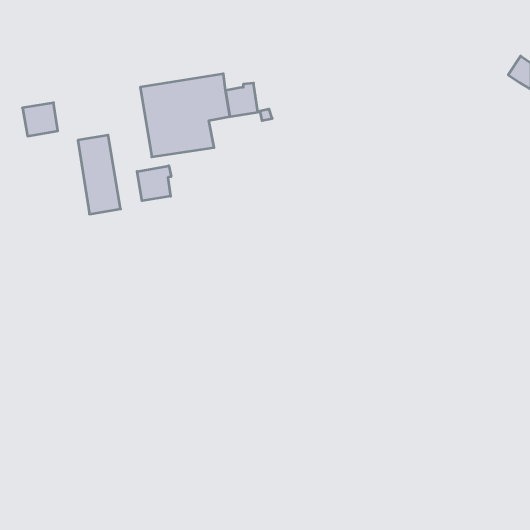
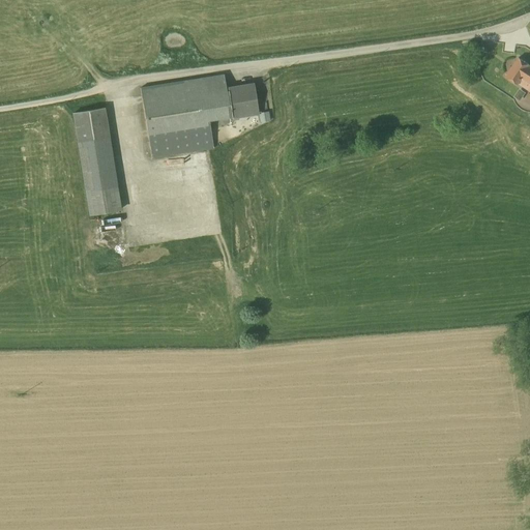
building: [22,103,58,136] -> [73,108,109,141]
building: [137,166,171,201] -> none

